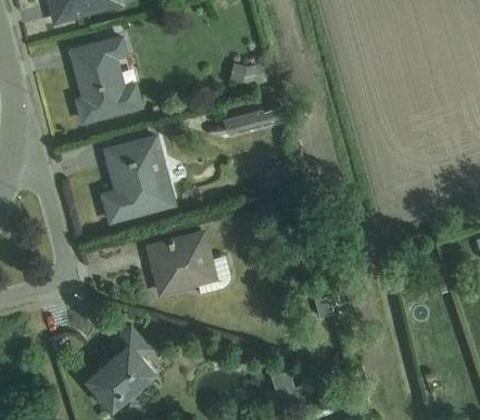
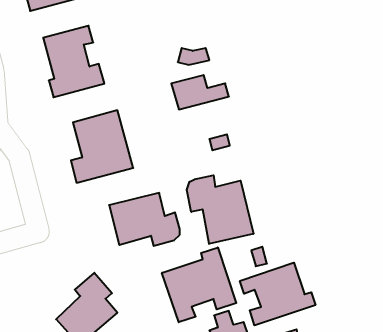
building: none -> [187,175,253,244]
building: none -> [162,247,236,322]
building: none -> [240,263,315,325]

